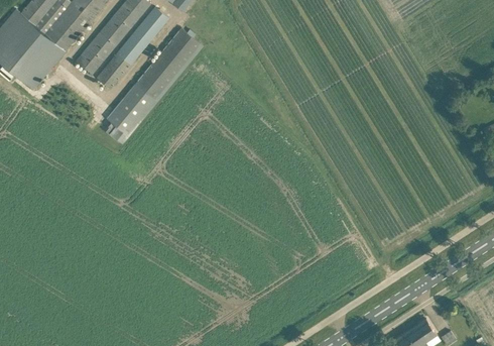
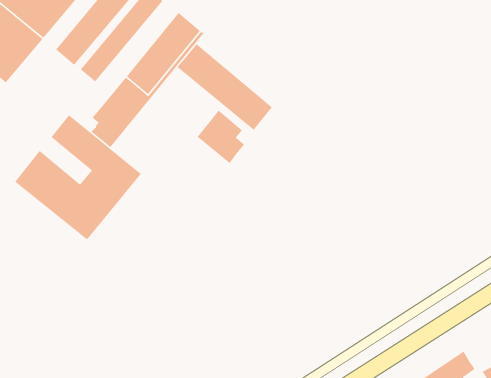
building: none -> [176,43,273,131]
building: none -> [197,110,245,164]
building: none -> [14,114,142,240]

